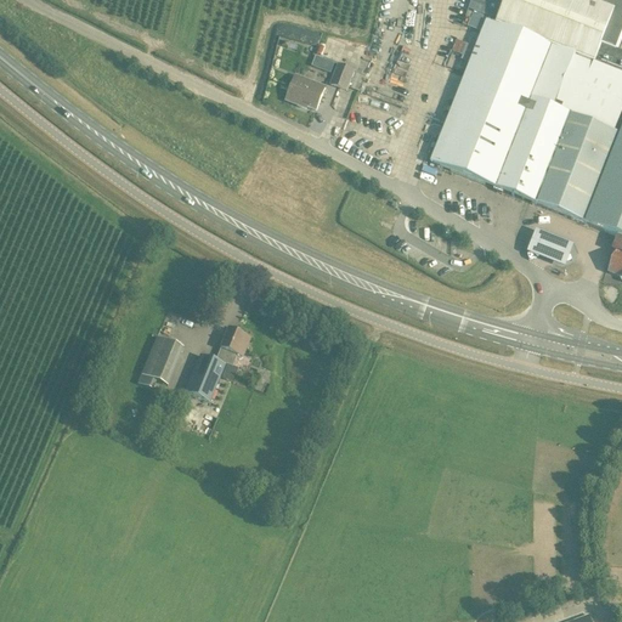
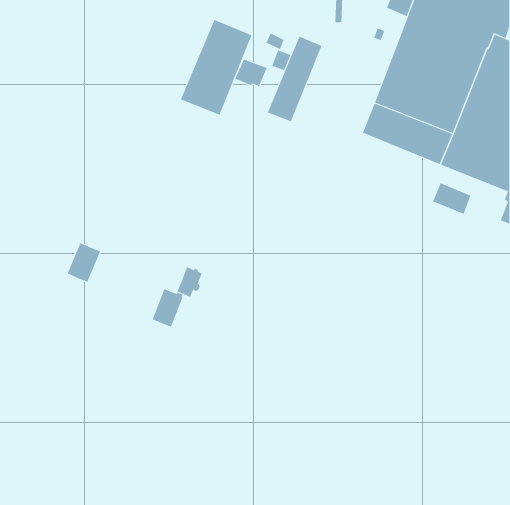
building: none -> [180,19,252,116]
building: none -> [267,36,322,122]
building: [141,333,182,381] -> [67,243,101,283]

